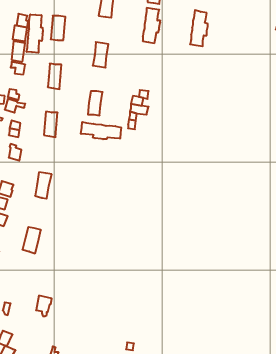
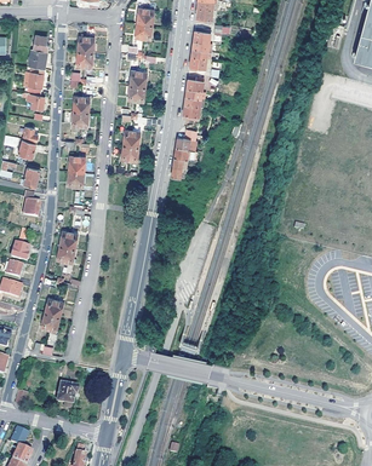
building: [190,10,208,46] -> [183,74,205,119]
building: [27,14,43,53] -> none
building: [81,122,121,139] -> none

